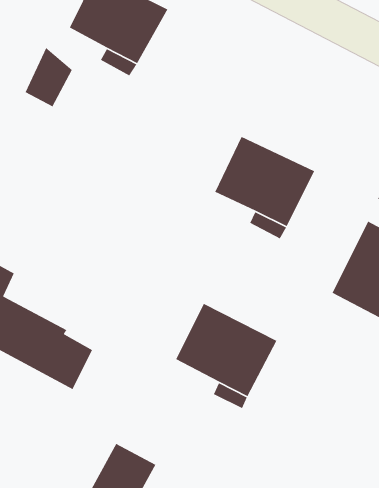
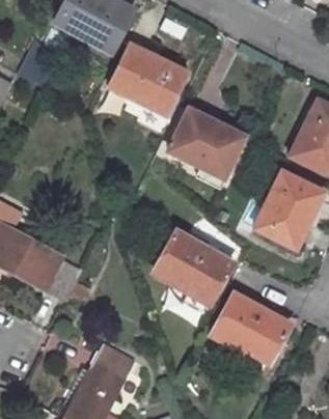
building: none -> [119,46,195,124]
building: none -> [209,291,286,368]

